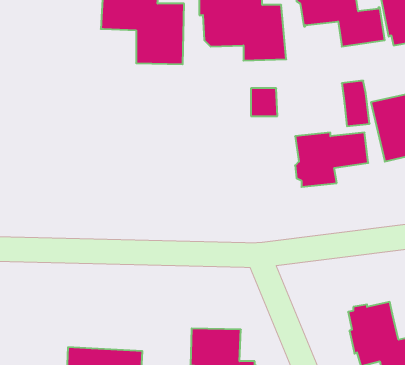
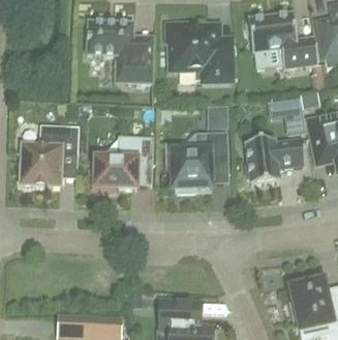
building: none -> [19,124,80,185]
building: none -> [165,132,226,192]
building: none -> [89,136,153,192]

